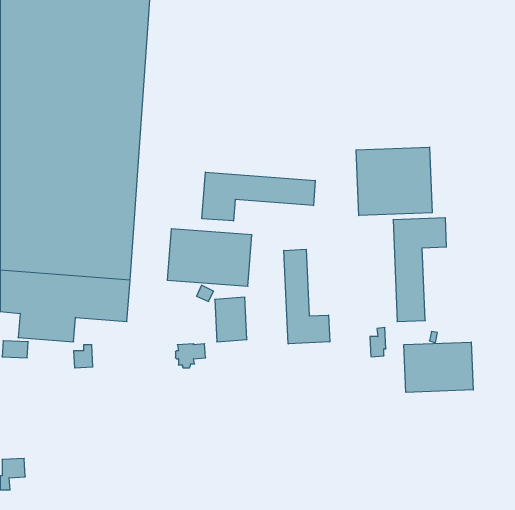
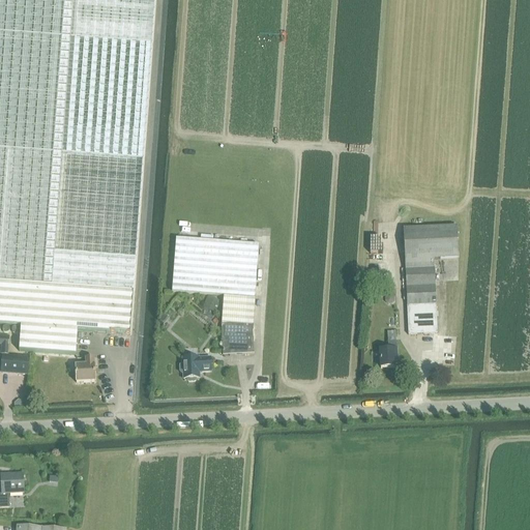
building: [356,147,432,216] -> none
building: [202,172,315,221] -> none
building: [284,249,330,344] -> none
building: [404,342,473,392] -> none

